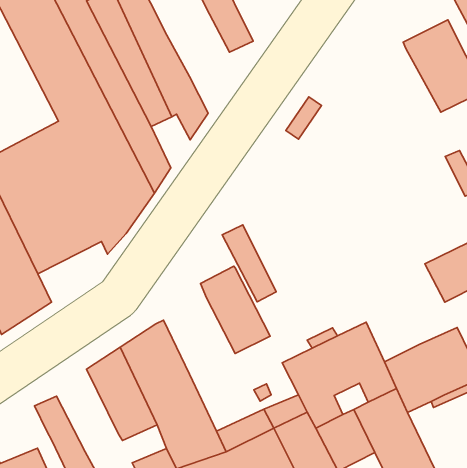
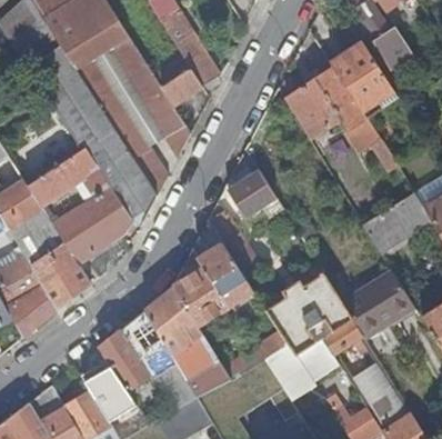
building: none -> [153,57,202,104]
building: none -> [284,67,365,138]
building: none -> [225,169,275,218]
building: none -> [173,267,229,325]
building: none -> [97,329,149,390]

